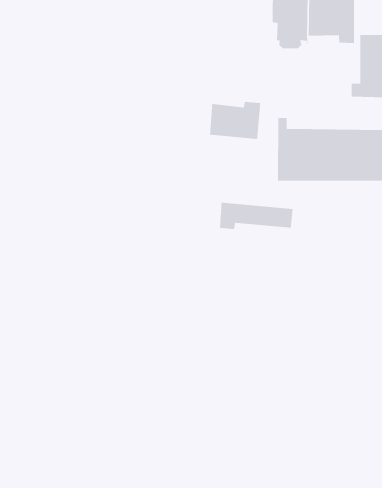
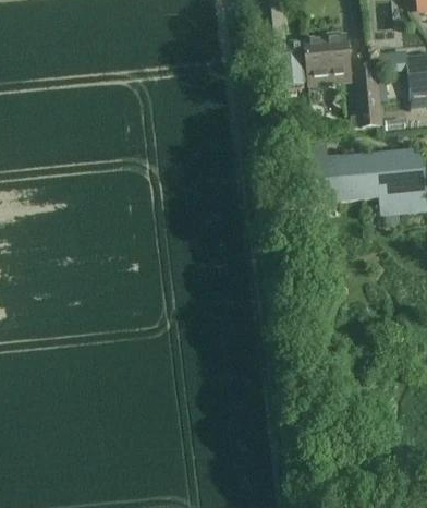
building: [209,101,261,140] -> none
building: [219,202,293,230] -> none

